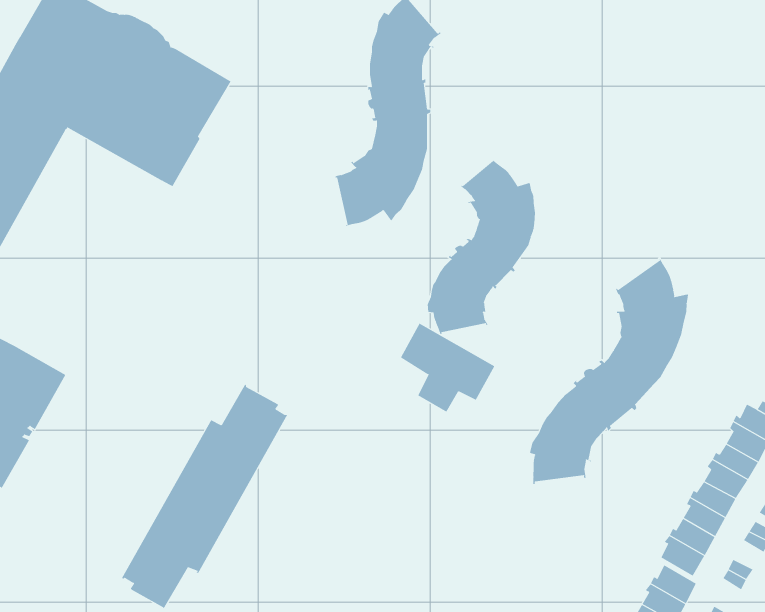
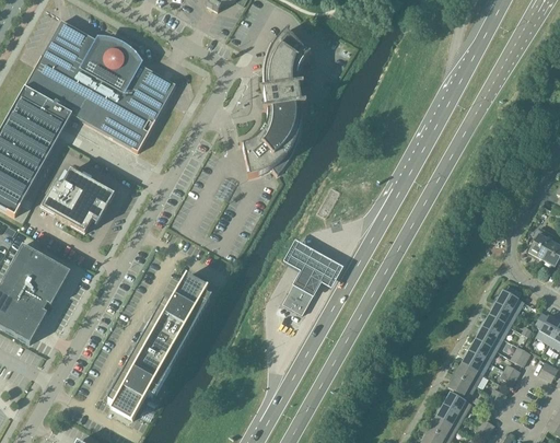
building: [426,159,536,335] -> none
building: none -> [43,171,114,232]
building: [527,257,691,485] -> none
building: none -> [281,283,312,315]

